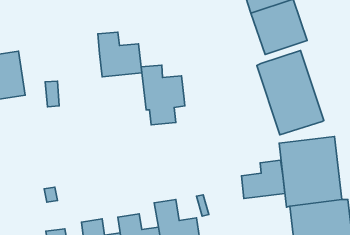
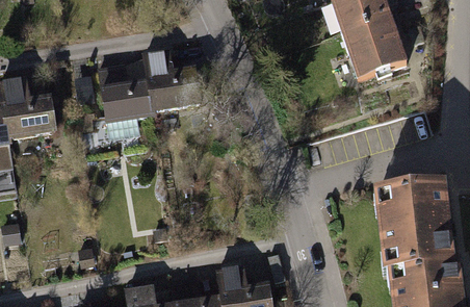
building: [257,51,324,135] -> none
building: [141,65,185,125] -> [98,65,153,139]
building: [241,160,285,199] -> none

